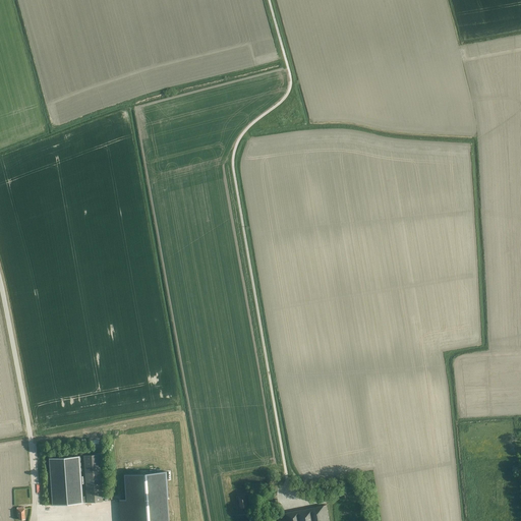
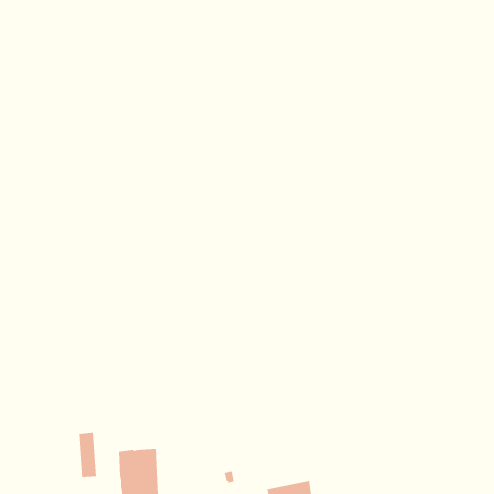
building: [48,457,82,506] -> none

